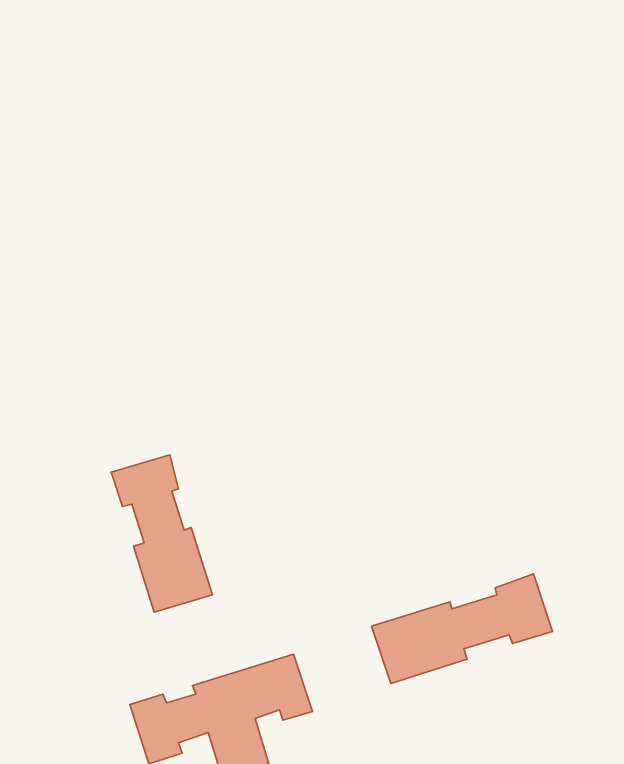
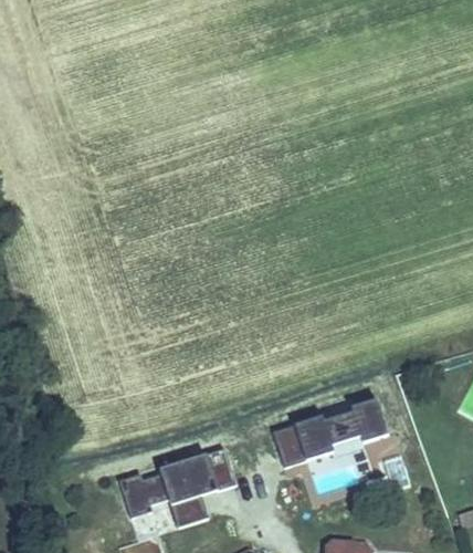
building: [111,455,213,612] -> none

